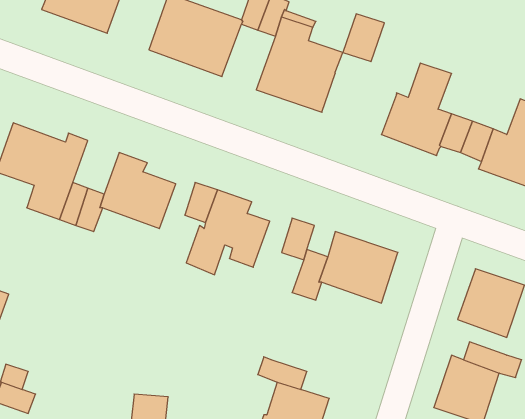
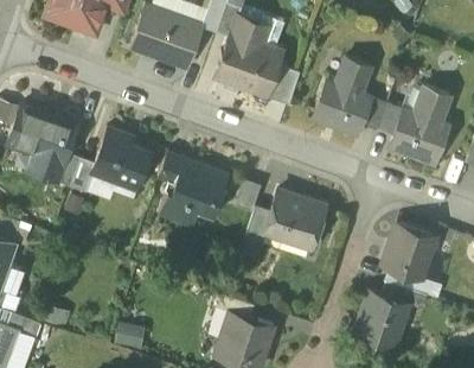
building: [343,14,384,62] -> [267,66,300,104]

